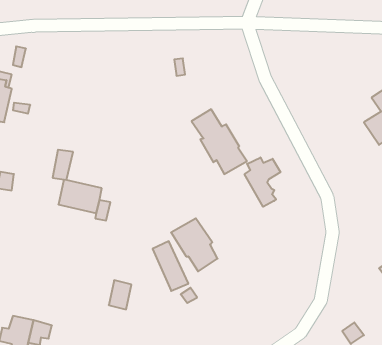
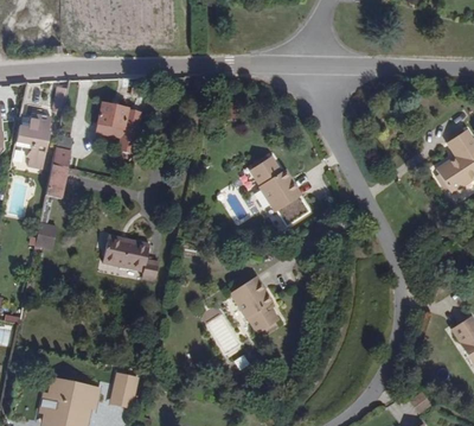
building: none -> [97,102,126,127]
building: [53,150,73,180] -> [44,165,66,198]
building: [245,157,280,207] -> none
building: [109,280,131,309] -> [107,377,132,409]

